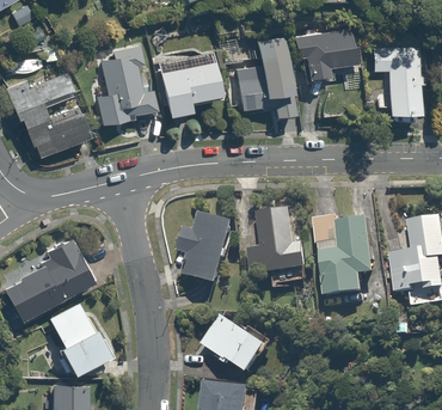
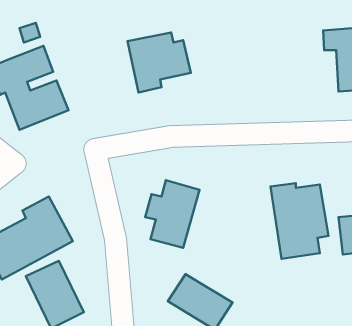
building: [295,26,358,79] -> none
building: [234,33,299,117] -> none
building: [94,39,160,124] -> none
building: [247,206,312,283] -> none

